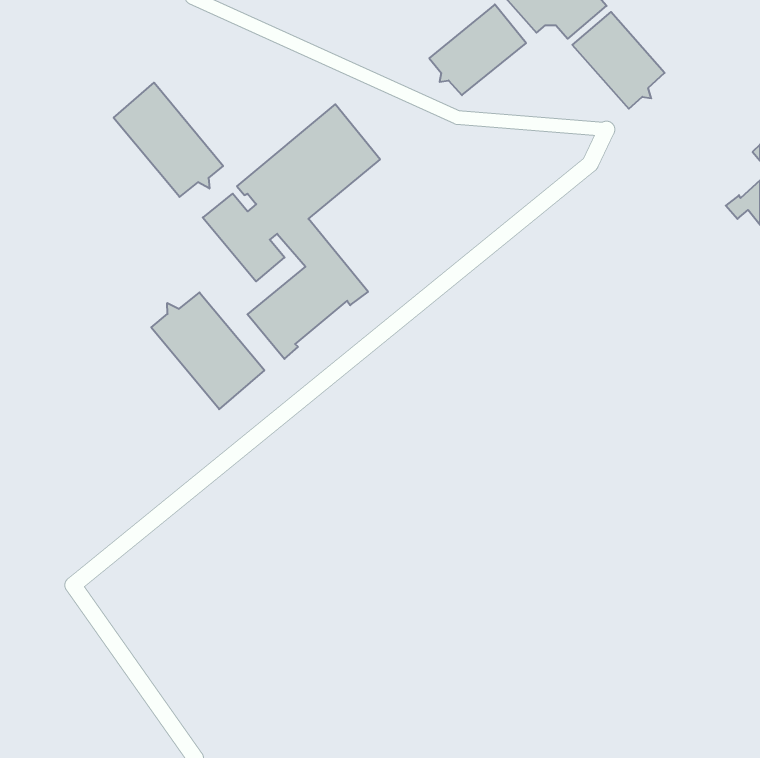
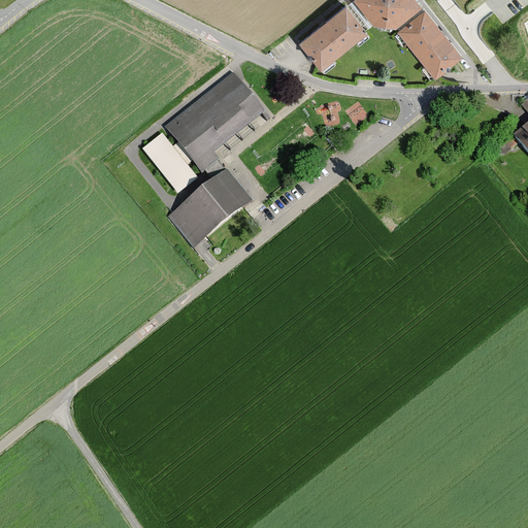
building: [114,83,223,197] -> none
building: [151,292,264,409] -> none

